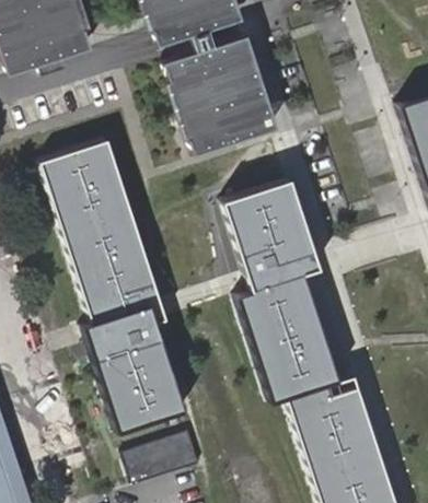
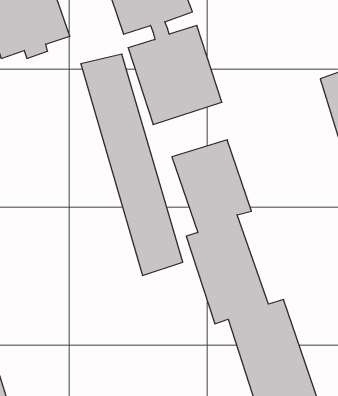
building: [47,148,172,419] -> [81,54,183,276]
building: [132,426,207,472] -> none

